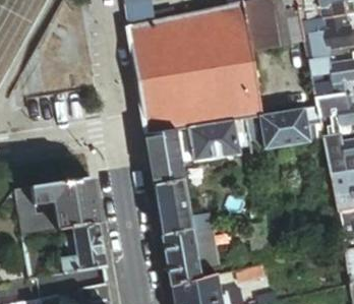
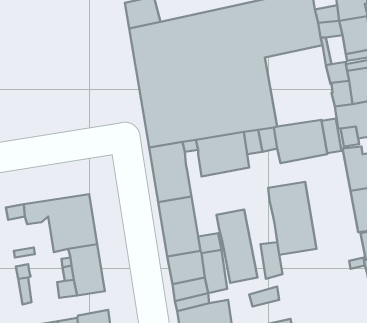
building: none -> [268,182,316,255]
building: none -> [217,210,258,283]

